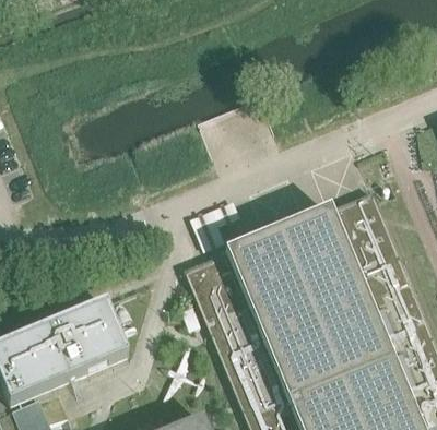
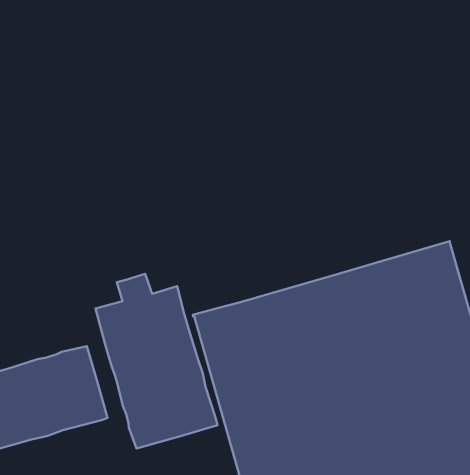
building: none -> [95,274,217,449]

